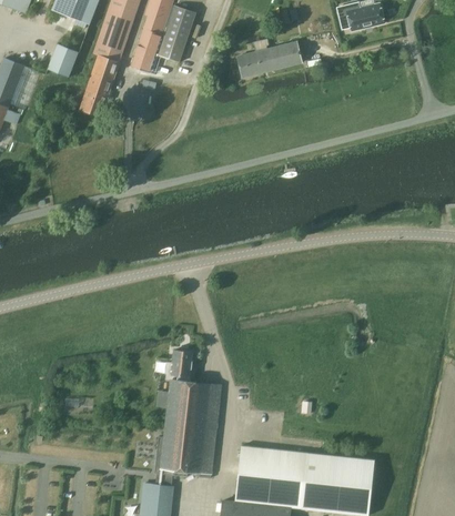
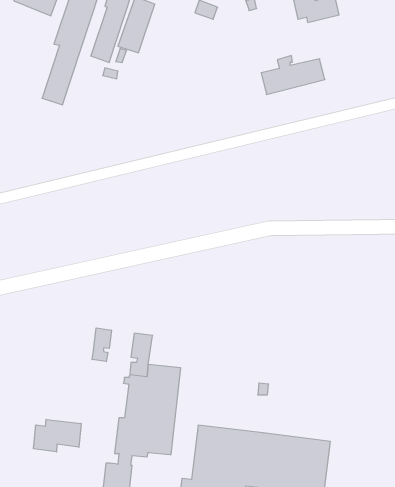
building: [236,38,302,78] -> [261,56,325,95]
building: [48,43,79,78] -> none
building: none -> [92,328,111,362]
building: none -> [34,419,81,452]

